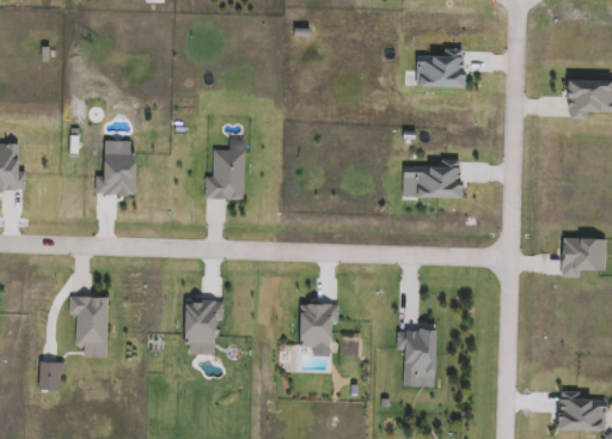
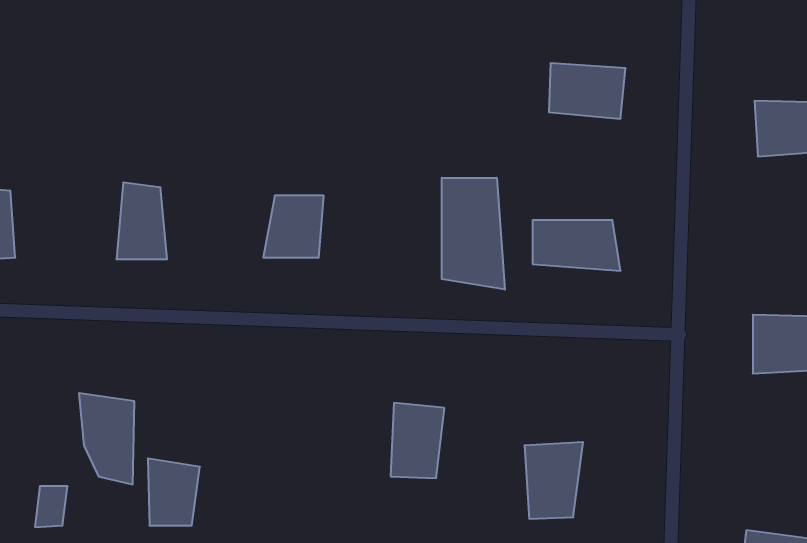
building: none -> [442,178,505,290]
building: [184,297,222,346] -> [148,459,200,526]

